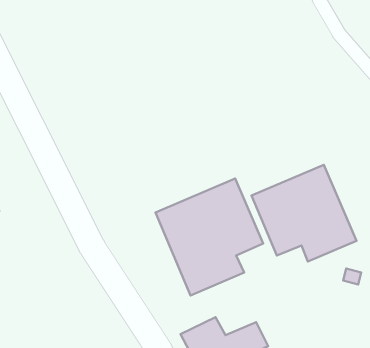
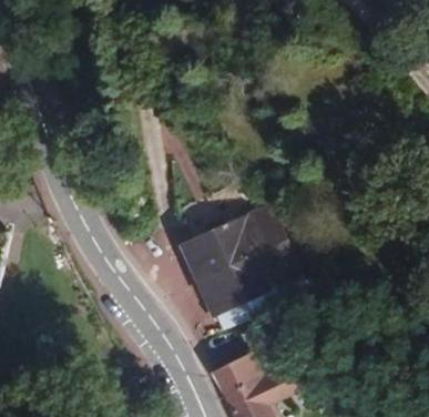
building: [252,165,356,262] -> none

